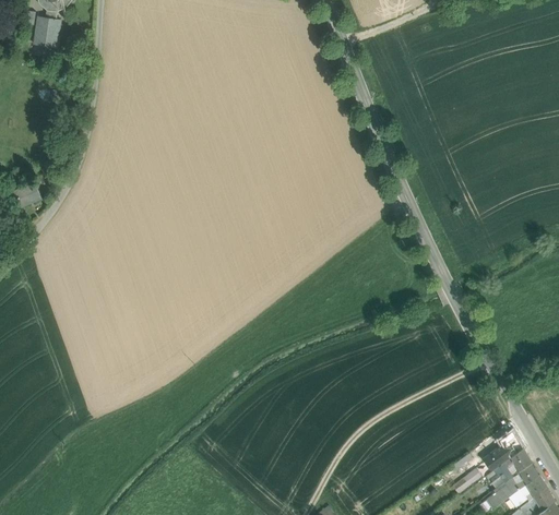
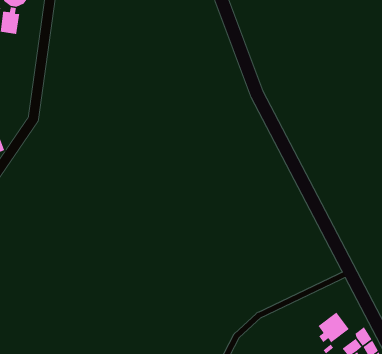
building: none -> [318,311,350,344]

